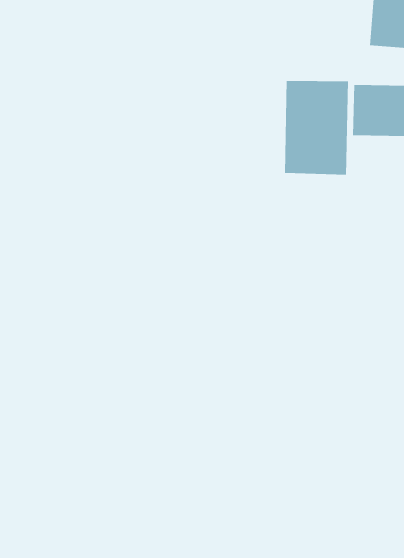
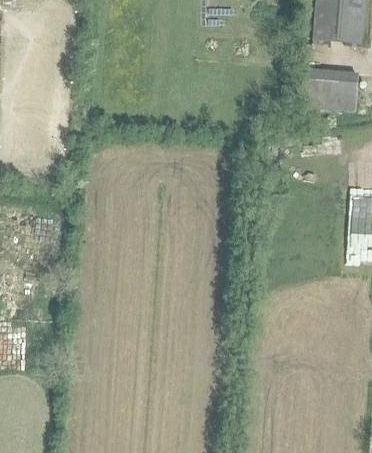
building: [285,80,348,176] -> none

